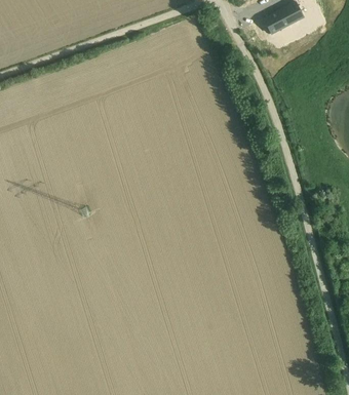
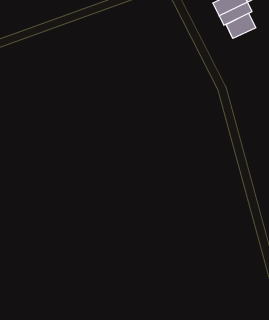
building: none -> [226,13,256,38]

